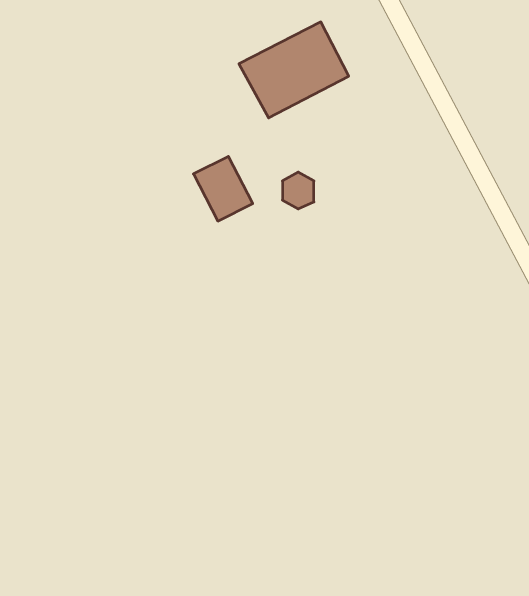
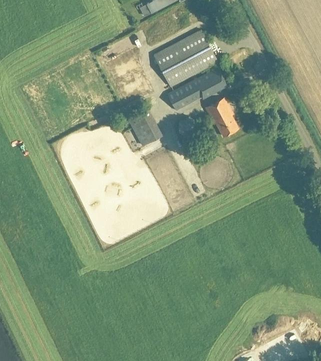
building: none -> [167,66,230,110]
building: none -> [205,98,239,137]

